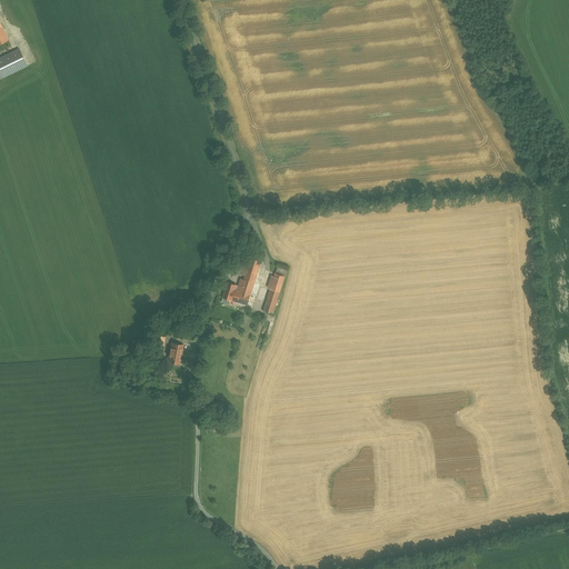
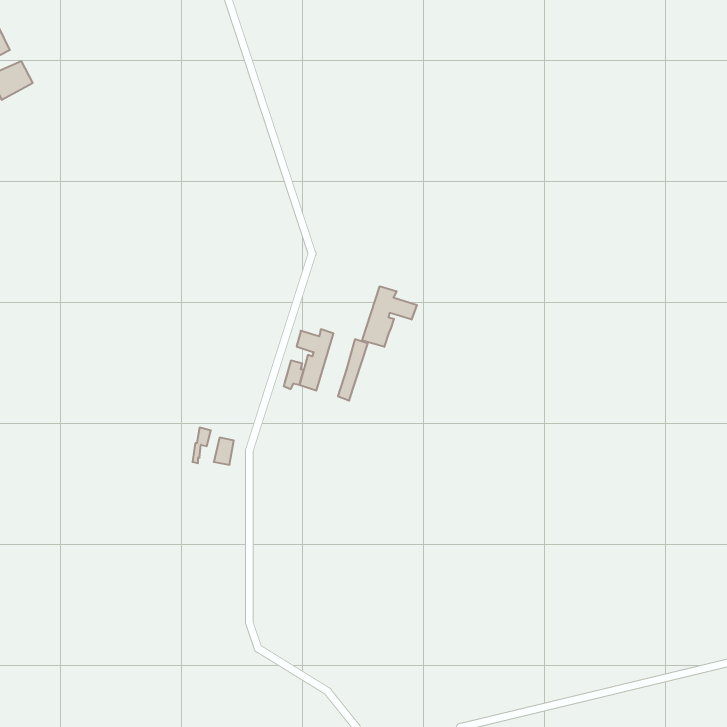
building: none -> [362,286,417,347]

